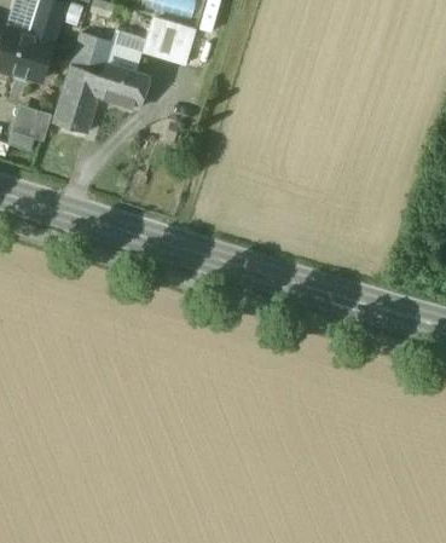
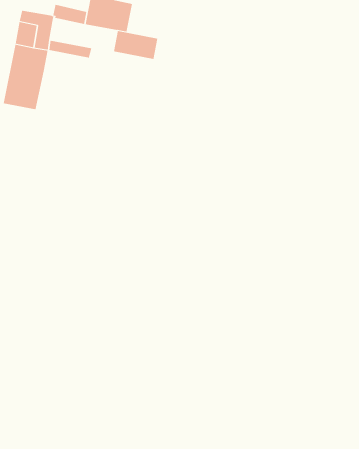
building: [98,75,144,108] -> [113,30,158,60]

